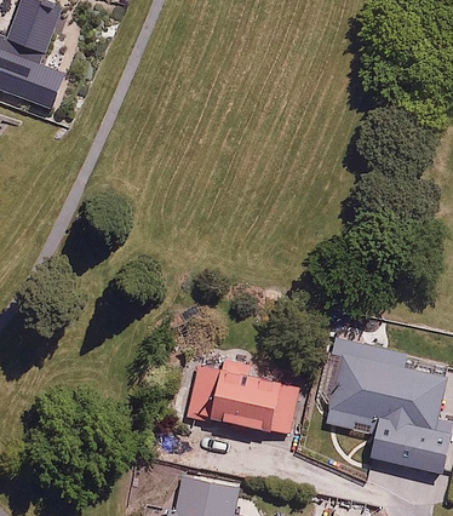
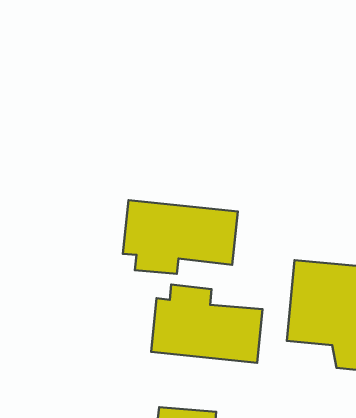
building: none -> [123,200,238,274]

